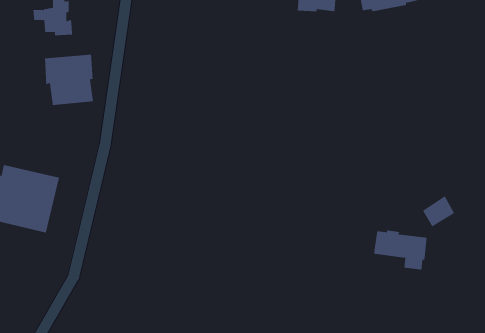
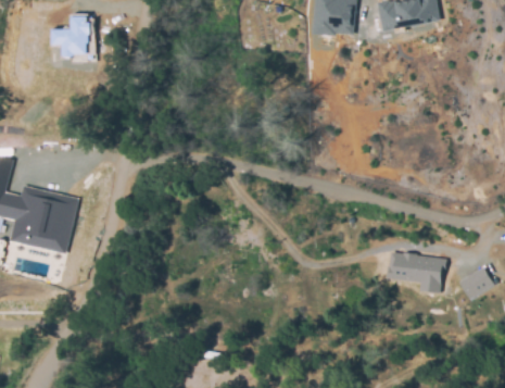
building: [44,54,93,106] -> none
building: [422,196,455,227] -> [459,266,492,298]

